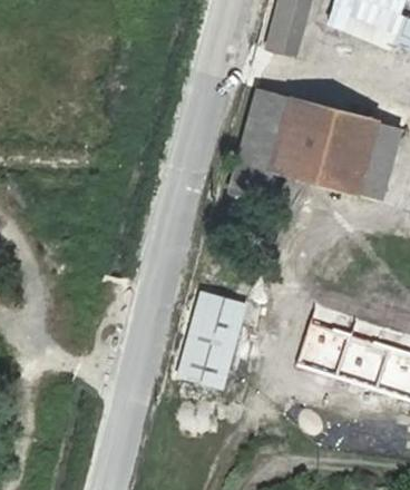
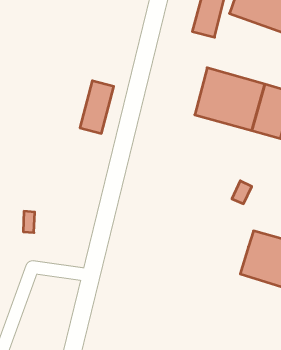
building: [242,89,287,160] -> [80,81,114,133]
building: [179,294,244,386] -> none
building: [306,331,343,375] -> none

